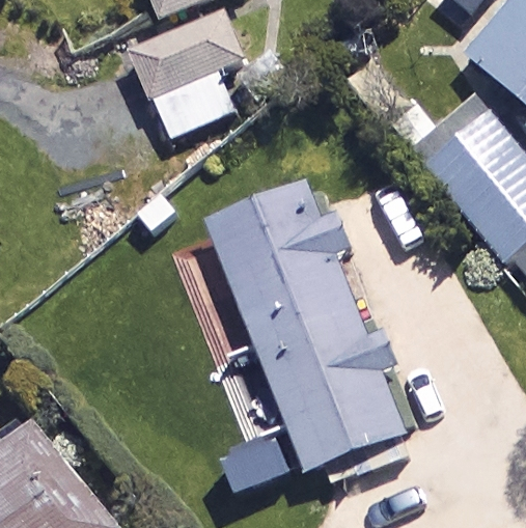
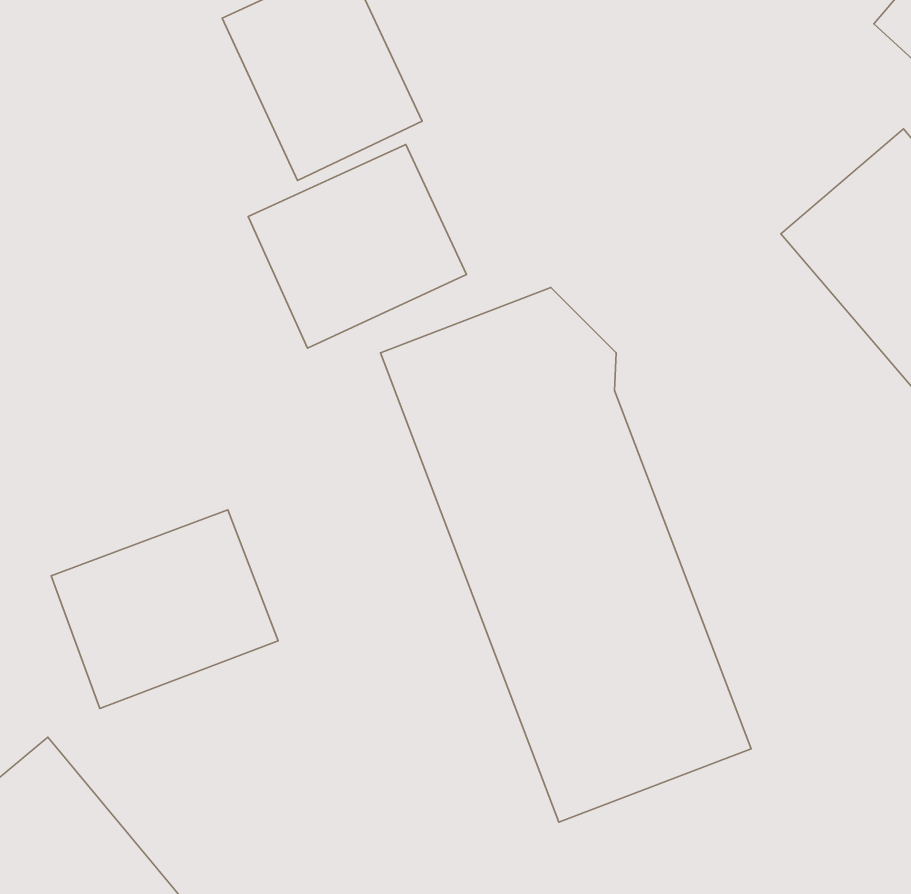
building: none -> [248,144,467,348]
building: none -> [51,510,278,709]

